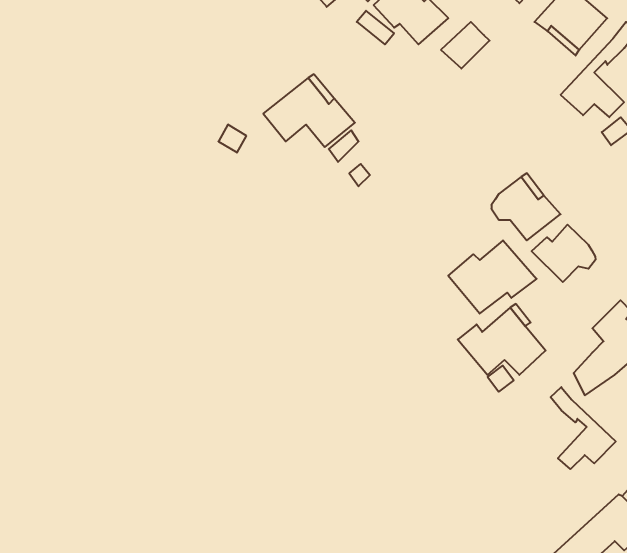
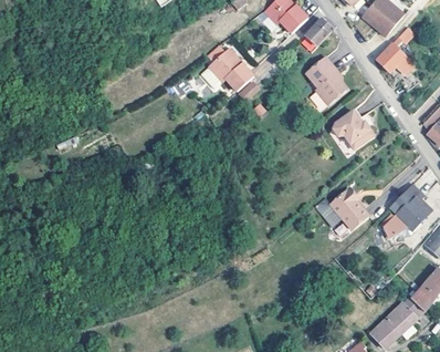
building: none -> [307,56,347,104]
building: [532,225,595,282] -> none
building: [448,240,537,314] -> none
building: [551,387,616,469] -> none

